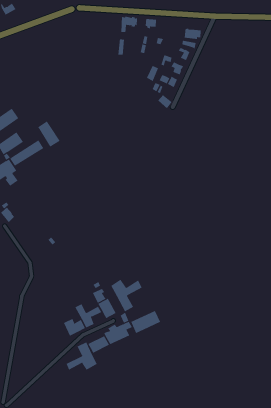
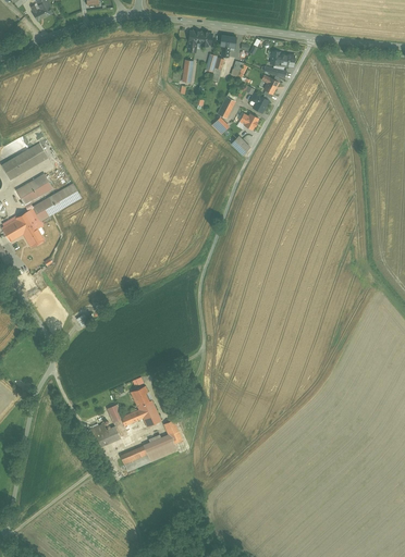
building: [37,120,60,147] -> none
building: [110,279,142,312] -> none
building: [130,310,161,334] -> none
building: [66,341,97,371] -> none

